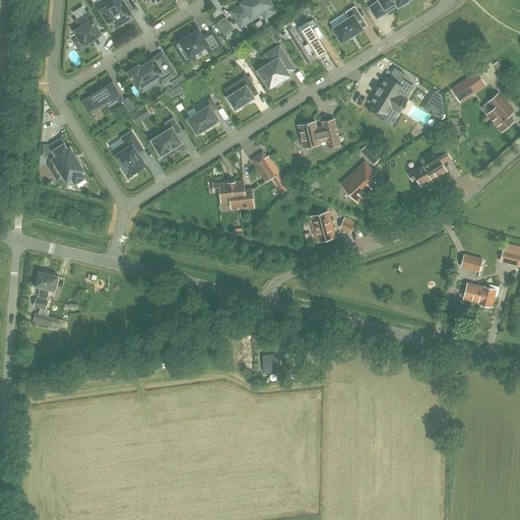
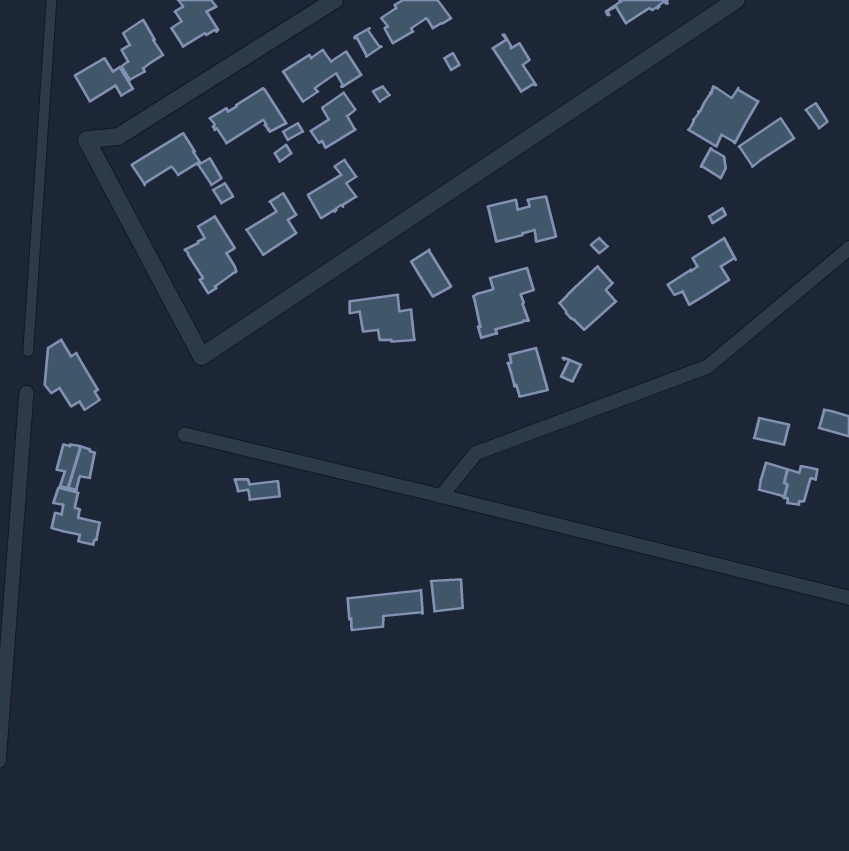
building: [332,6,362,42] -> none
building: none -> [75,58,133,101]
building: [258,47,292,87] -> none
building: [225,75,253,109] -> [311,93,355,148]
building: [370,77,412,114] -> [688,86,758,146]
building: [486,93,513,131] -> none
building: [50,140,83,183] -> [45,340,100,410]
building: none -> [473,268,534,338]
building: none -> [348,590,422,630]

